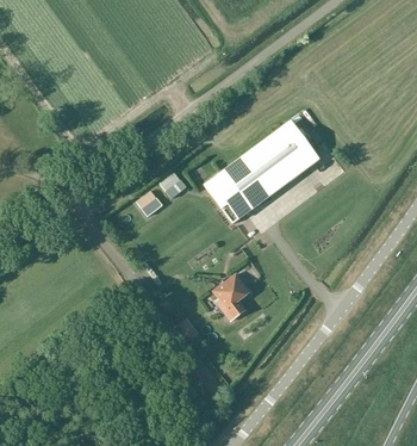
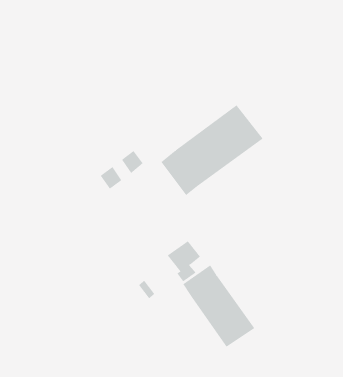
building: none -> [183,265,255,347]

